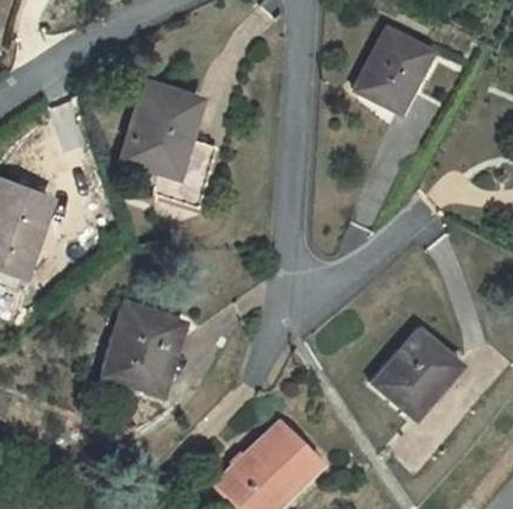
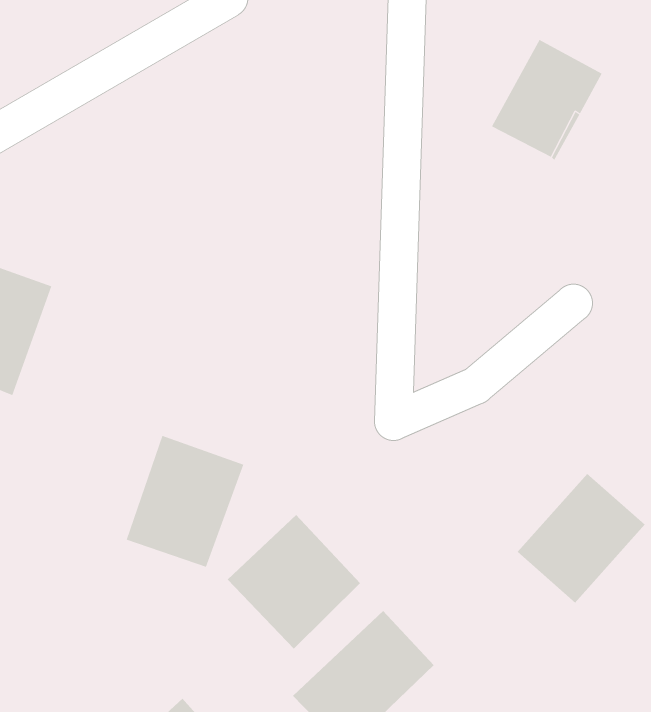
building: [124,83,215,208] -> none
building: none -> [227,514,361,650]

